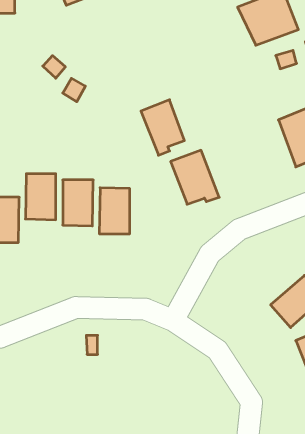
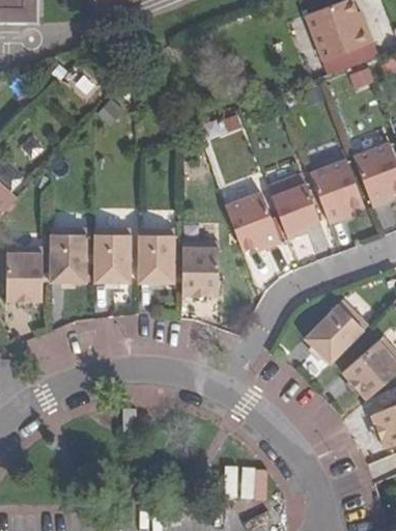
building: [141,100,184,155] -> [267,173,319,240]
building: none -> [308,155,363,224]
building: none -> [181,241,219,296]
building: none -> [304,300,368,364]

